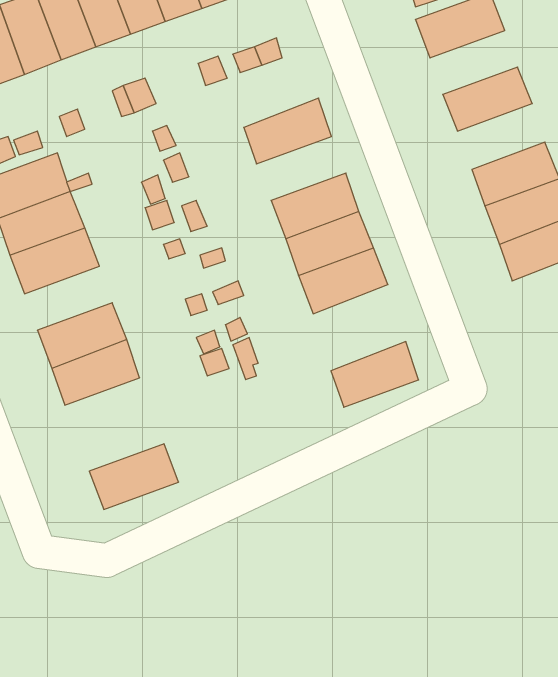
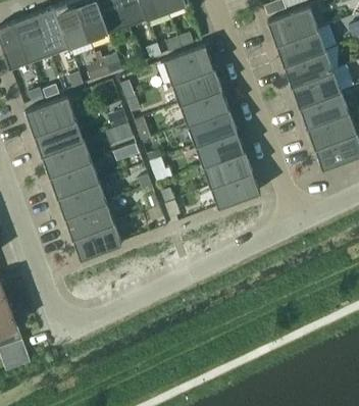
building: none -> [275,29,324,64]
building: none -> [163,46,213,83]
building: none -> [291,69,340,106]
building: none -> [178,88,228,123]
building: none -> [49,160,98,196]
building: [331,342,419,407] -> [210,170,259,207]
building: [89,444,179,509] -> [71,222,121,259]

